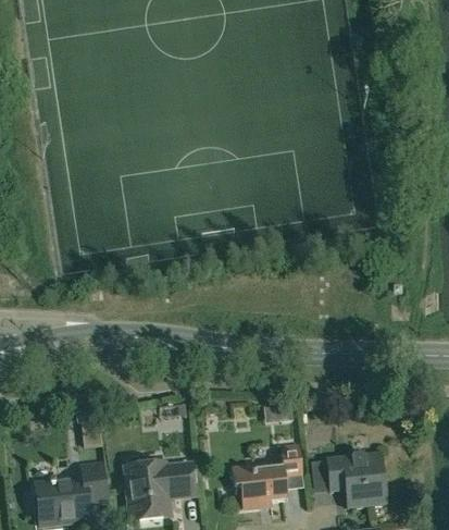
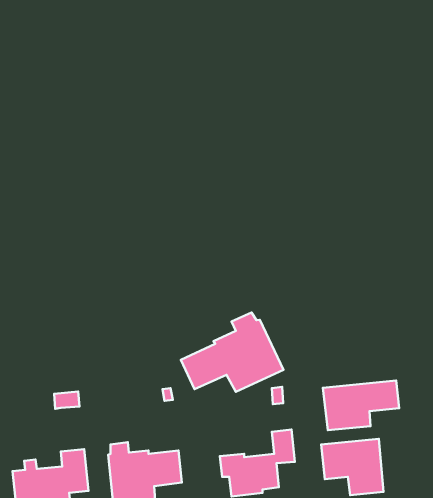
building: none -> [181,312,283,392]
building: none -> [323,380,399,430]

